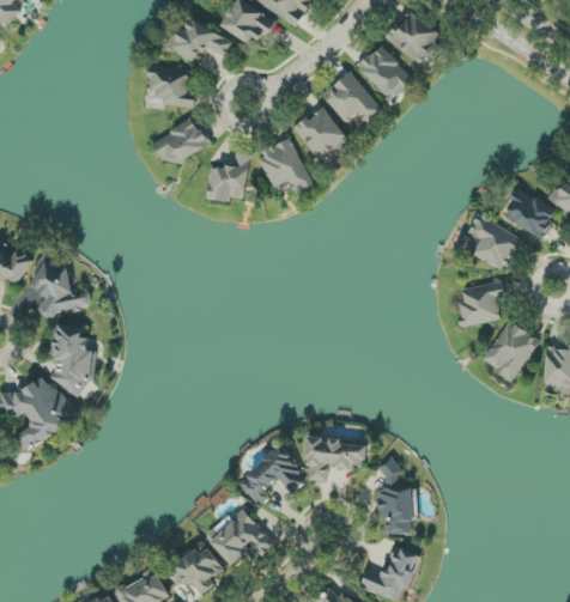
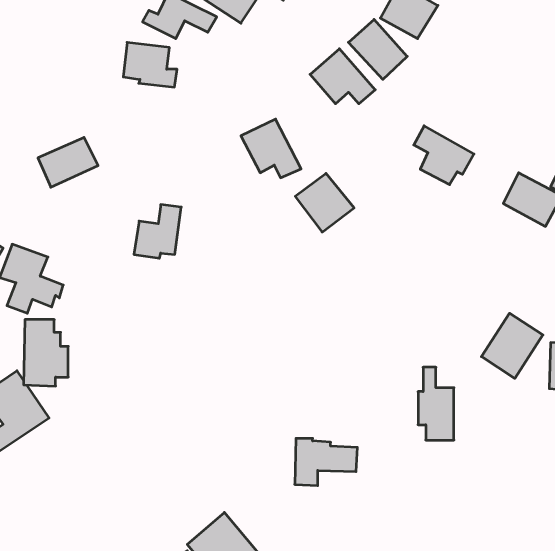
building: [293,107,348,162] -> [295,173,354,232]
building: [152,120,208,166] -> [38,137,98,187]
building: [206,152,250,202] -> [134,205,181,258]
building: [467,214,523,269] -> [414,126,474,185]
building: [456,281,505,327] -> none
building: [238,446,309,506] -> none
building: [378,466,412,534] -> [418,367,454,440]

